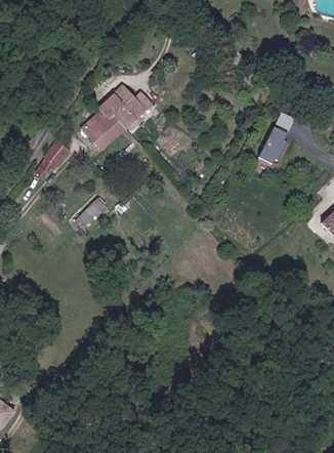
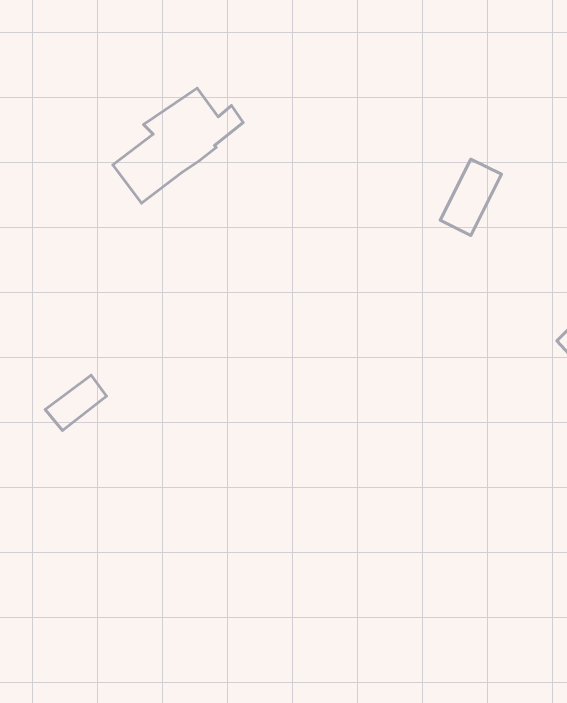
building: [36,140,71,177] -> none
building: [76,196,109,225] -> [45,375,107,431]

